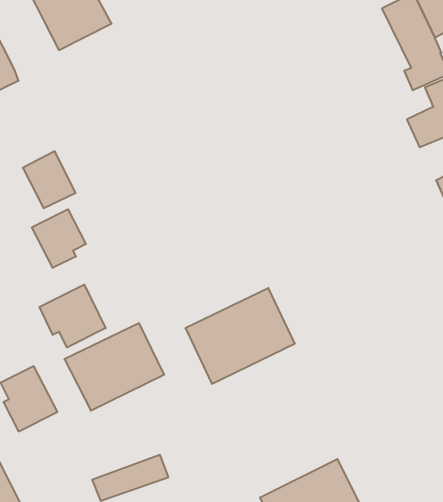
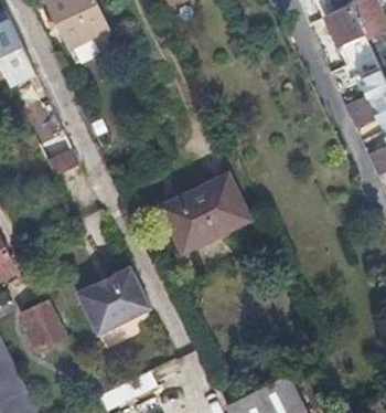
building: [32,209,86,268] -> none
building: [39,285,106,347] -> none
building: [185,288,295,384] -> [160,176,247,252]

